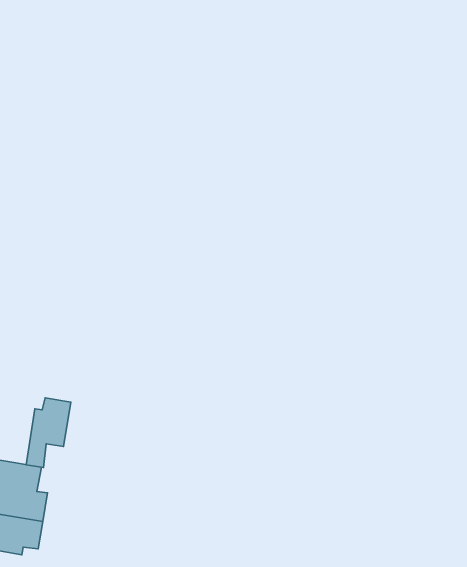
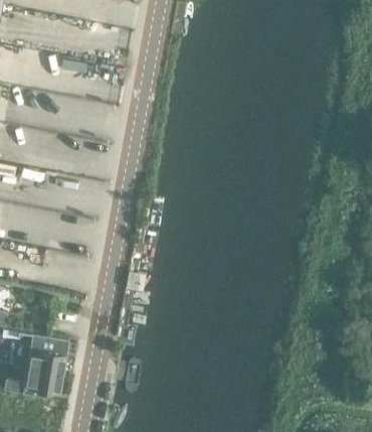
building: [26,398,71,468] -> none

